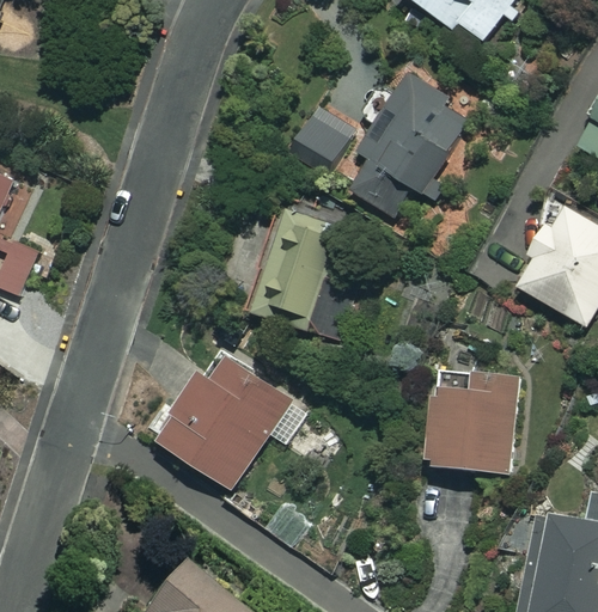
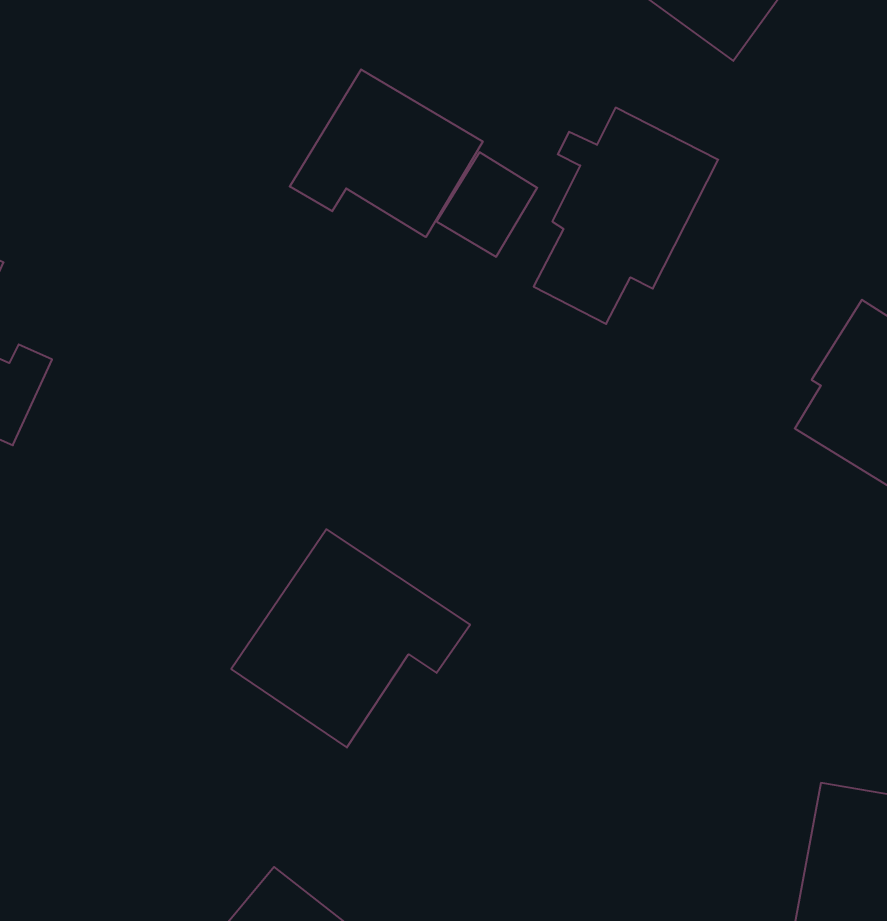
building: none -> [290,69,483,237]
building: [248,203,342,330] -> none
building: [428,369,517,472] -> none

